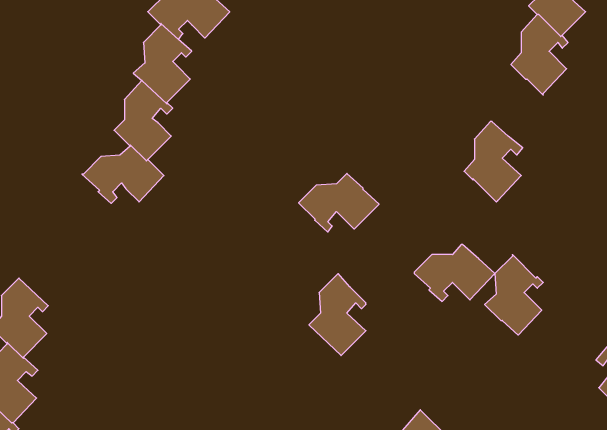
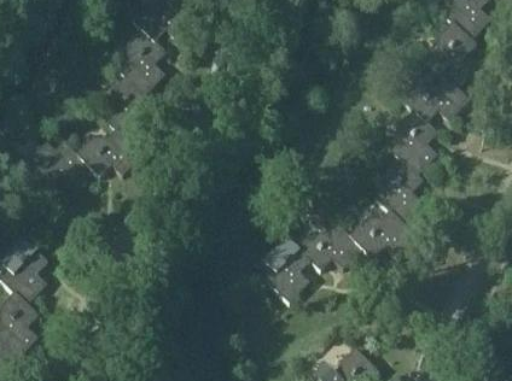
building: none -> [402,72,470,119]
building: none -> [23,139,93,195]
building: [299,173,379,232] -> [297,219,363,268]
building: [485,255,543,335] -> [376,154,424,221]

